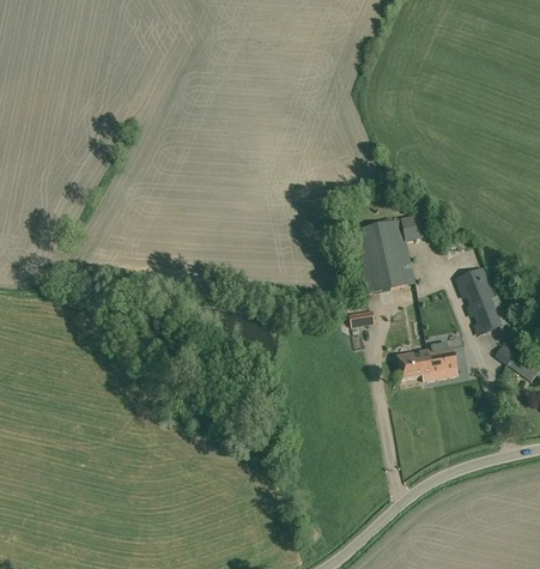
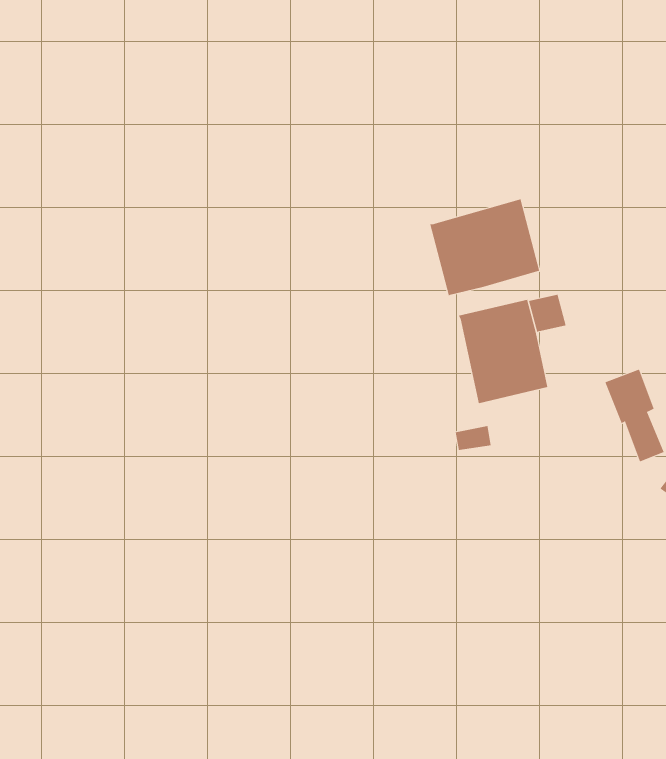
building: none -> [429,198,540,296]
building: [398,346,456,379] -> none

